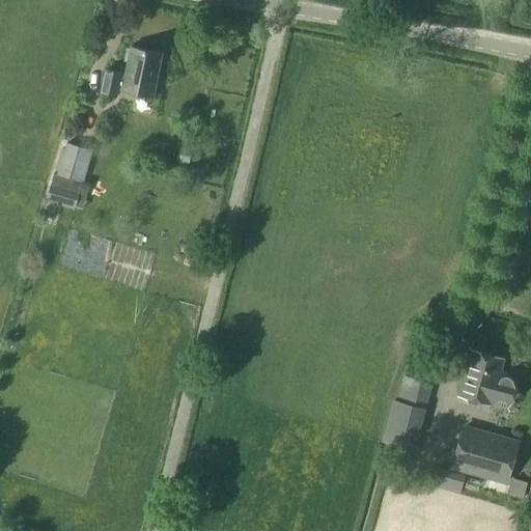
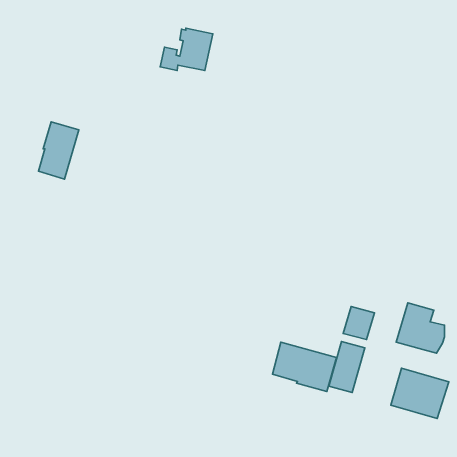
building: [102,47,163,95] -> [160,28,213,70]
building: none -> [272,342,336,391]

